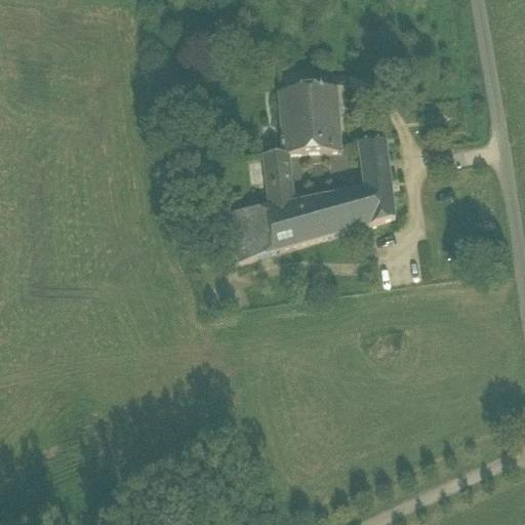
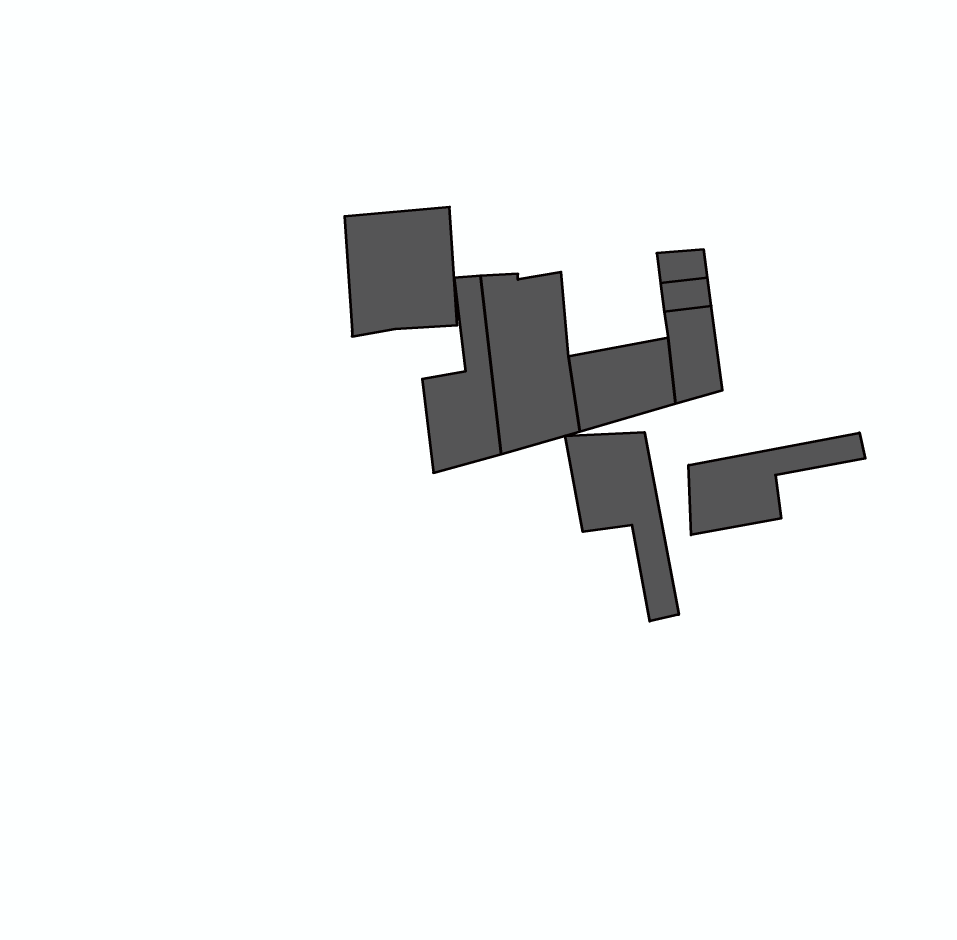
building: [279,82,340,153] -> [345,207,457,336]
building: none -> [565,432,679,621]
building: none -> [689,433,865,535]

